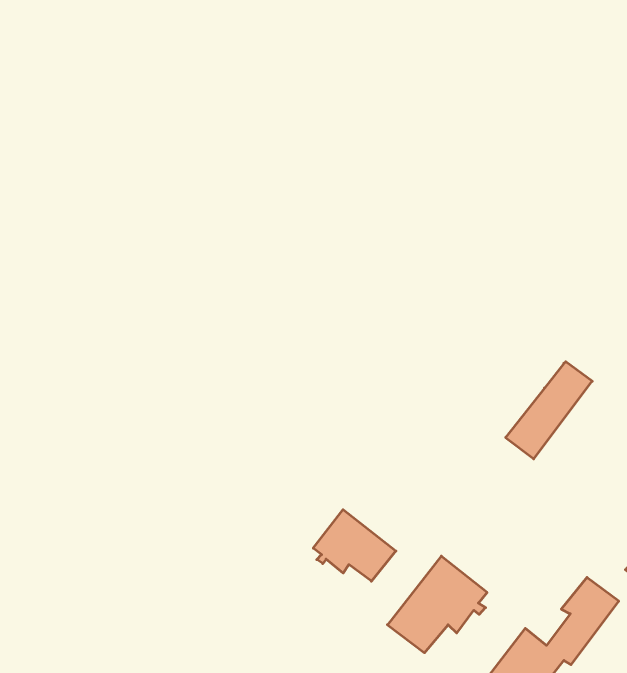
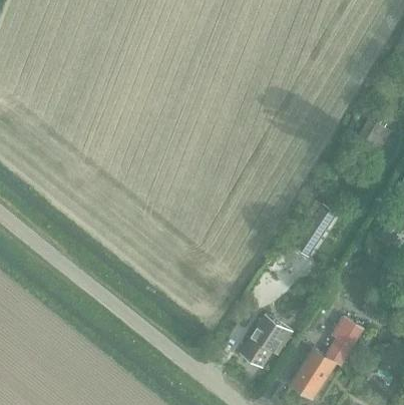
building: [313,510,396,581] -> none

